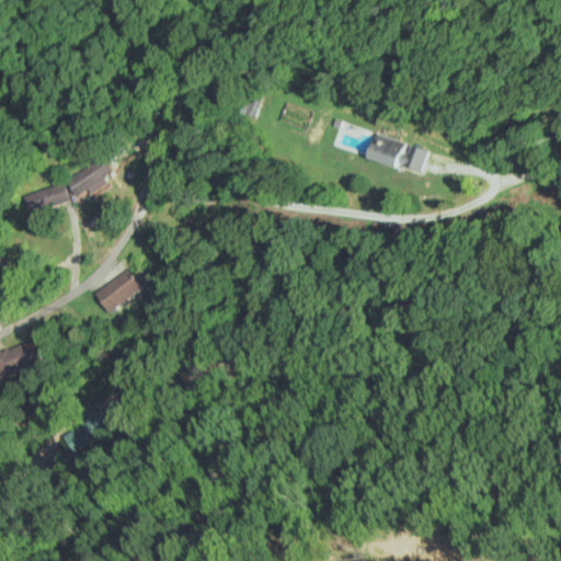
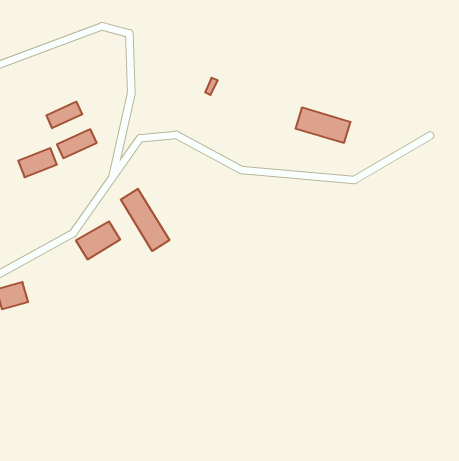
building: none -> [46,102,82,128]
building: none -> [121,189,169,251]

